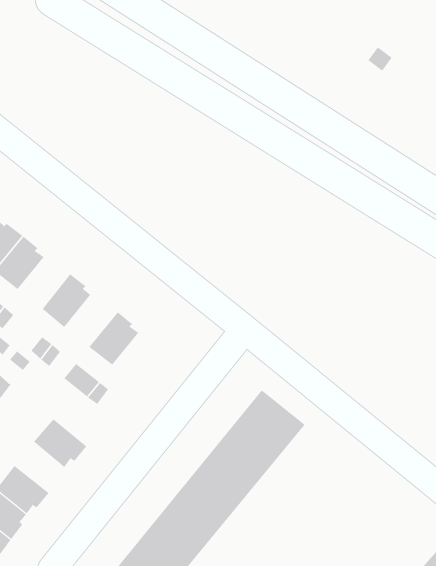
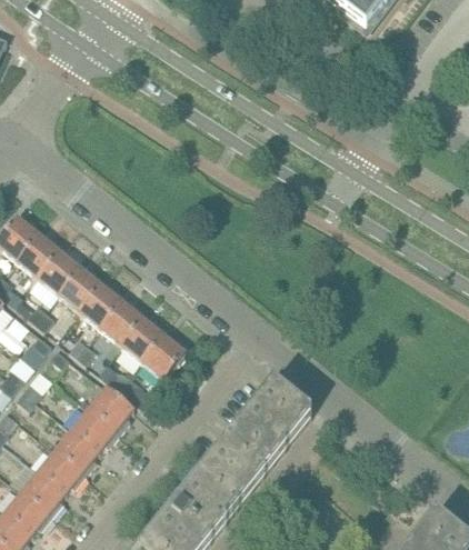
building: none -> [57,267,102,312]
building: none -> [98,300,144,346]
building: none -> [140,333,186,380]
building: none -> [88,388,132,433]
building: none -> [53,429,98,474]

